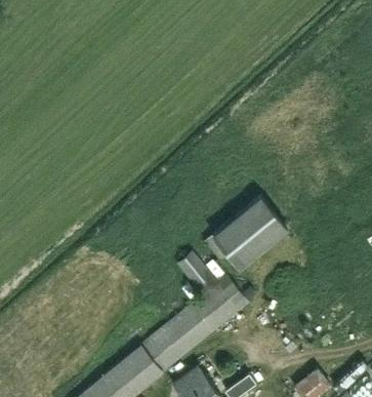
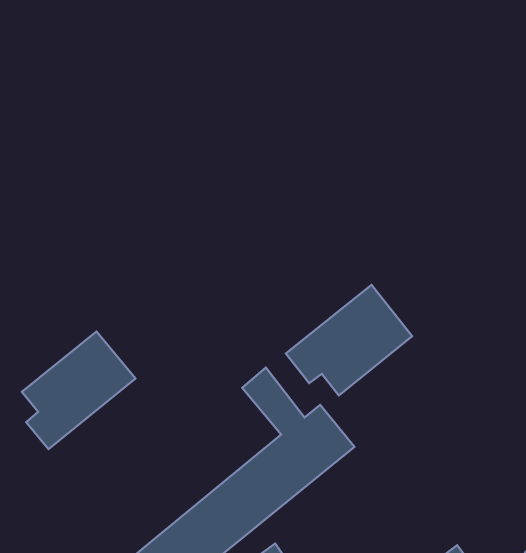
building: none -> [22,332,135,449]

